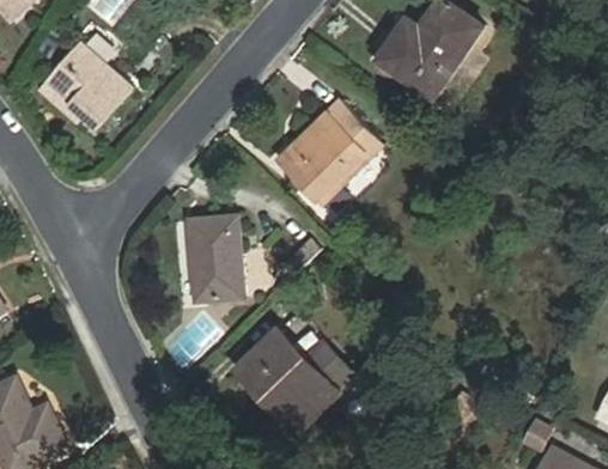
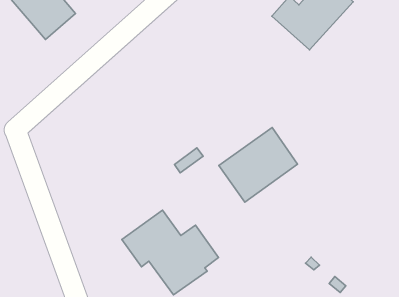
building: [276,103,376,202] -> [219,128,297,202]
building: [186,218,241,302] -> none

